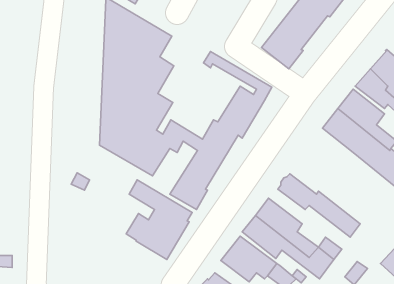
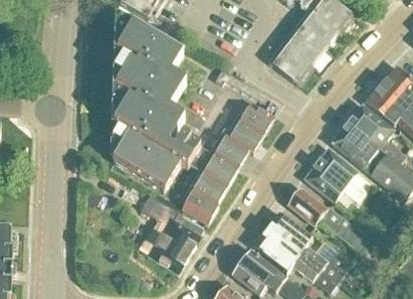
building: none -> [304,148,356,201]

